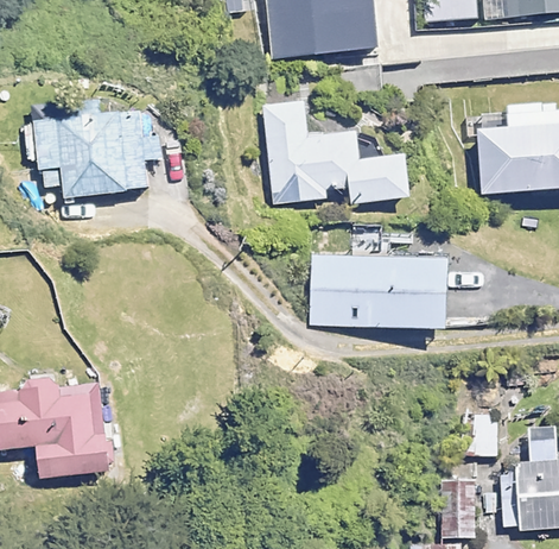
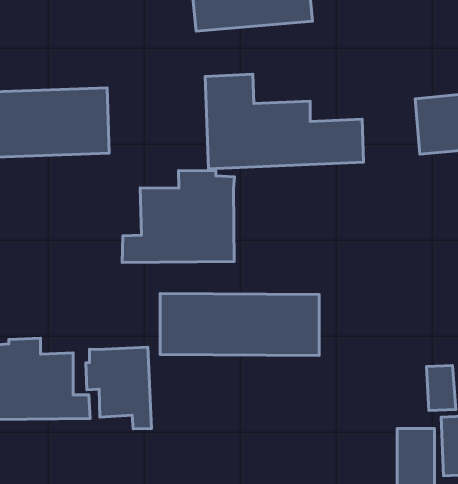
building: none -> [122,170,235,263]
building: [313,258,481,323] -> [160,294,319,356]
building: none -> [86,347,152,429]

